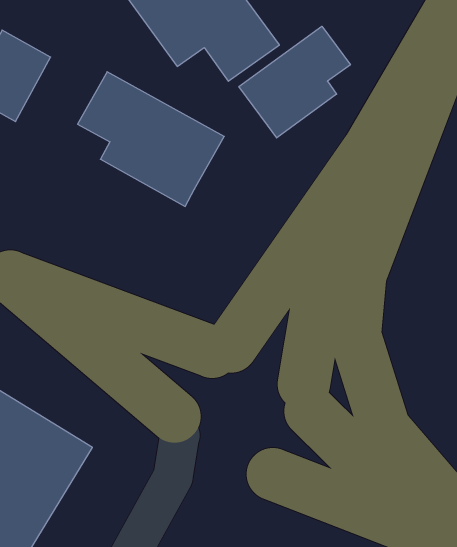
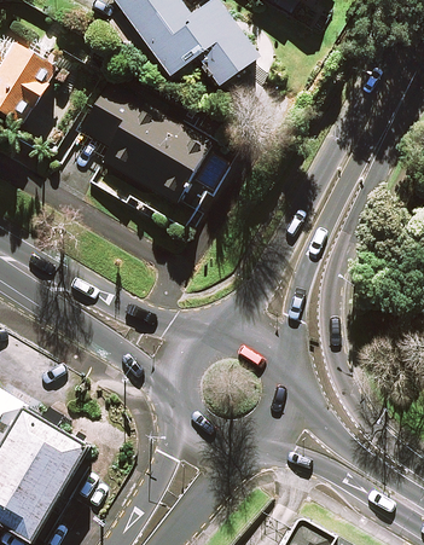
building: [239,26,350,138] -> none

